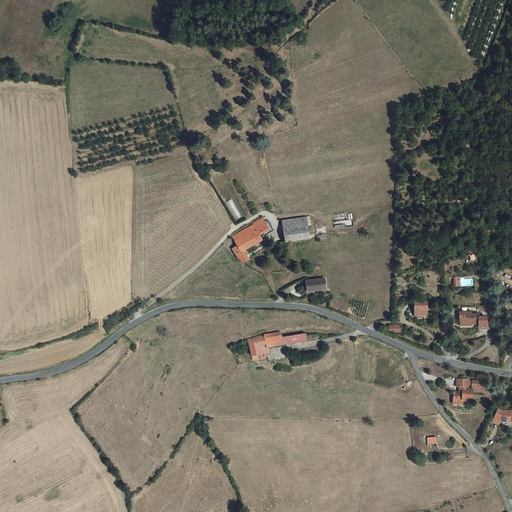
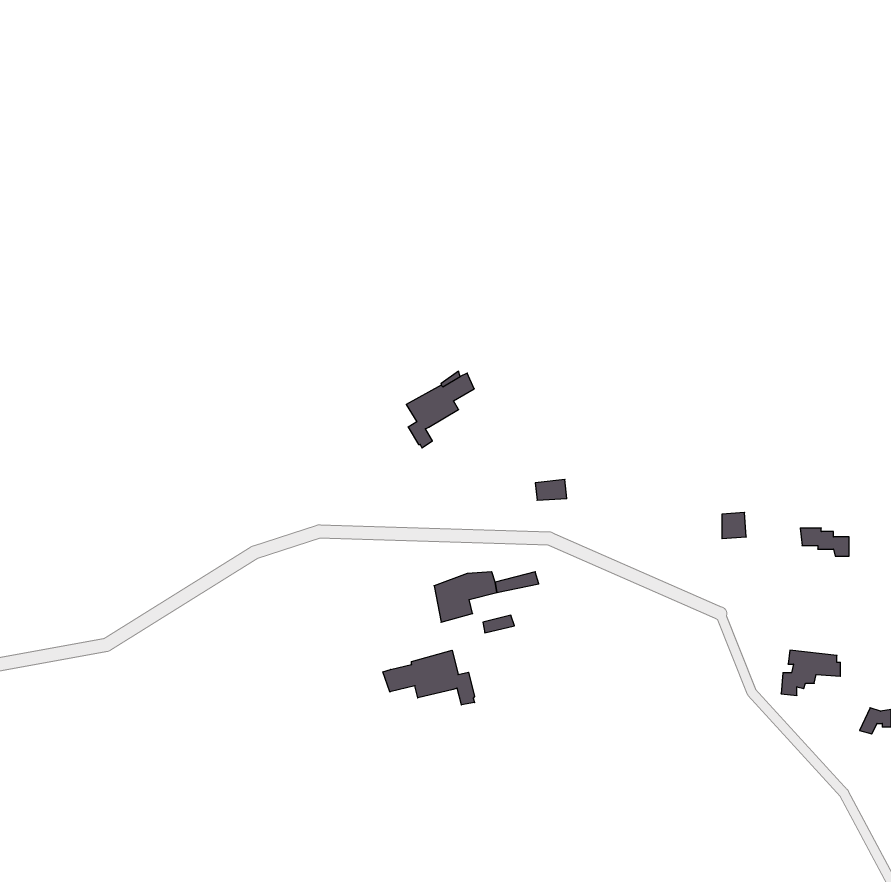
building: [282,215,309,241] -> none
building: none -> [383,650,475,705]

